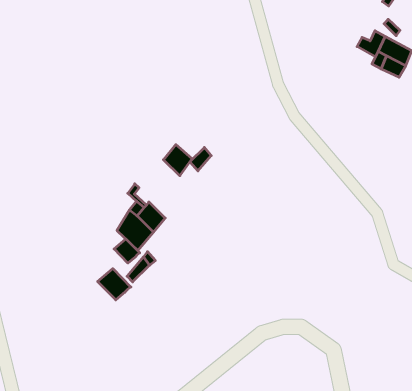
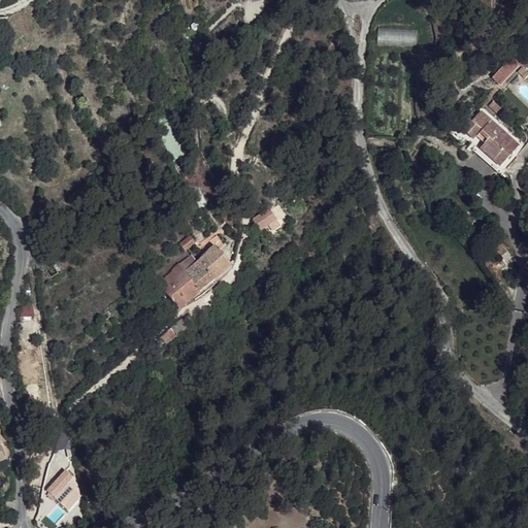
building: [163,145,192,176] -> [200,243,232,278]
building: [114,239,140,263] -> none
building: [98,269,131,300] -> none

